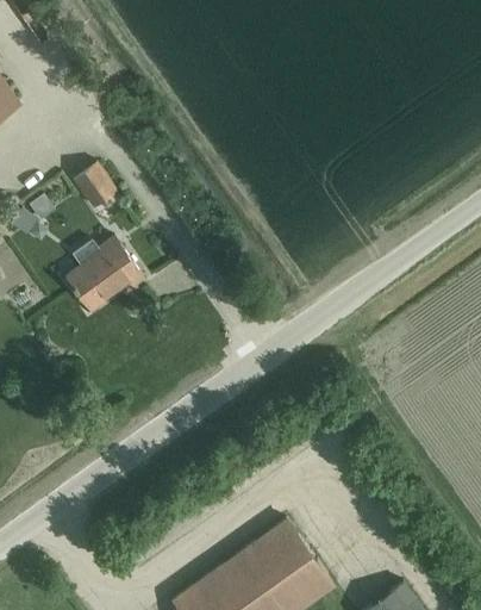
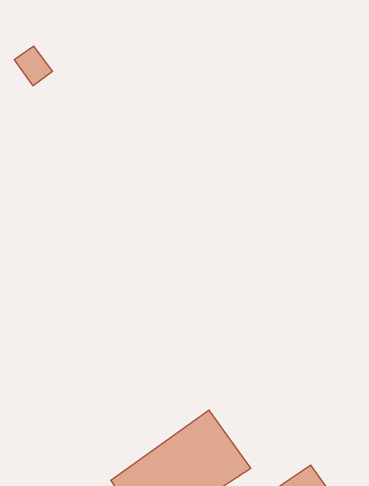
building: [71,163,115,208] -> [14,46,53,86]
building: [68,238,144,311] -> none

